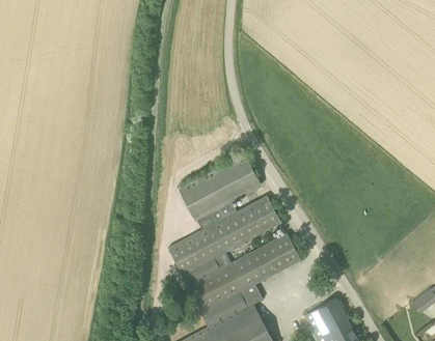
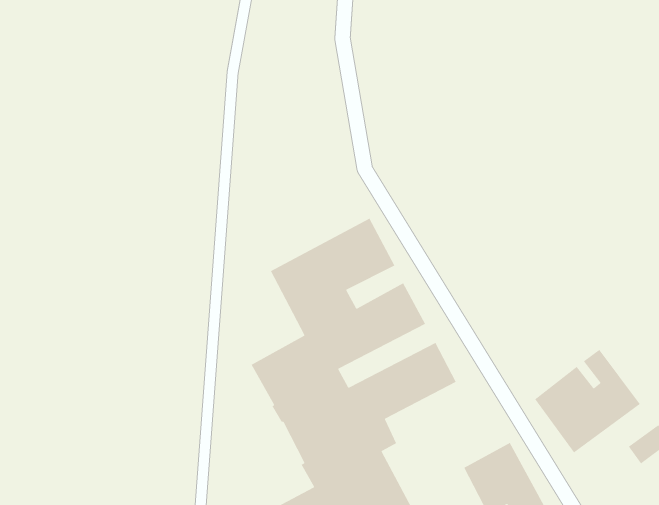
building: none -> [534,349,641,454]

